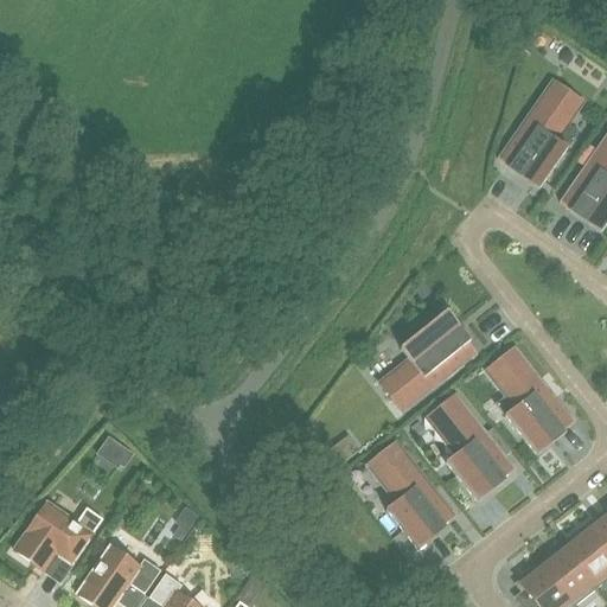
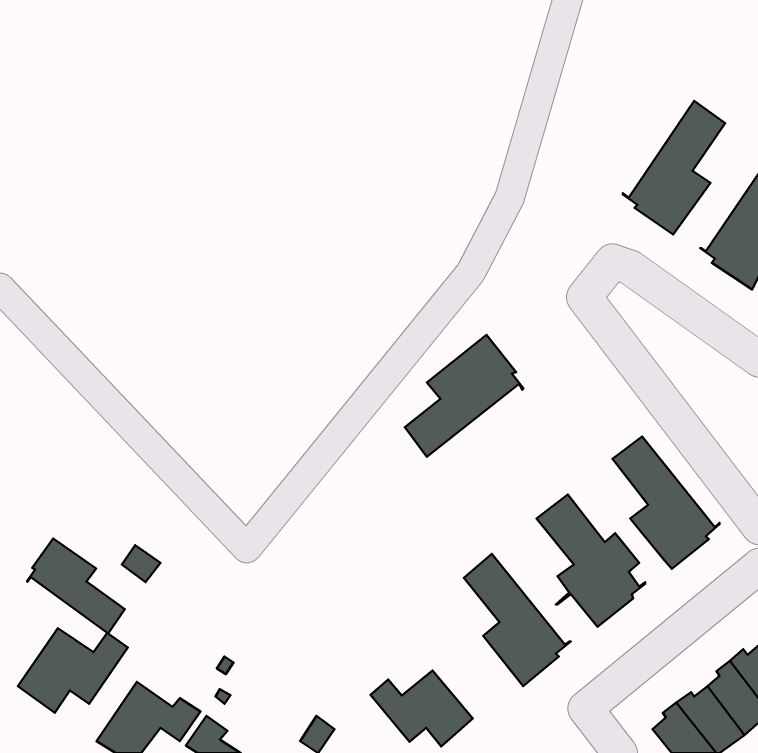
building: [383,308,478,405] -> [405,335,524,457]
building: none -> [27,539,125,633]
building: none -> [370,670,473,746]

